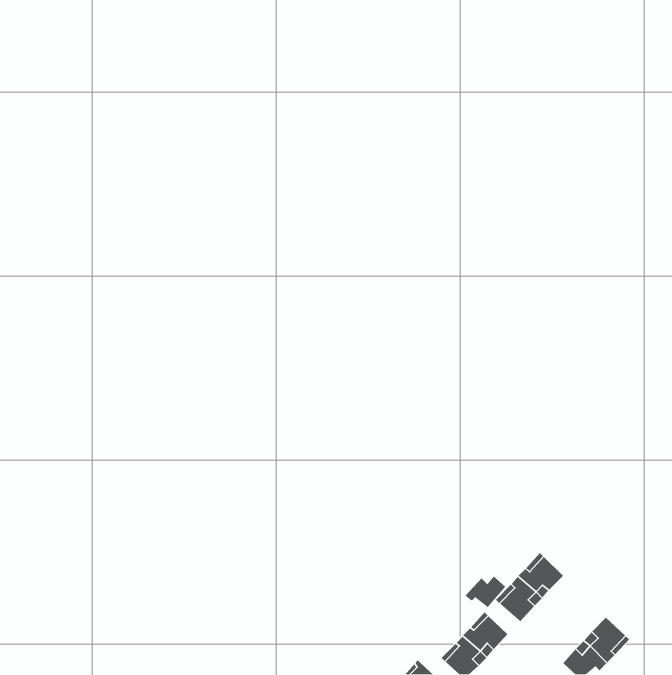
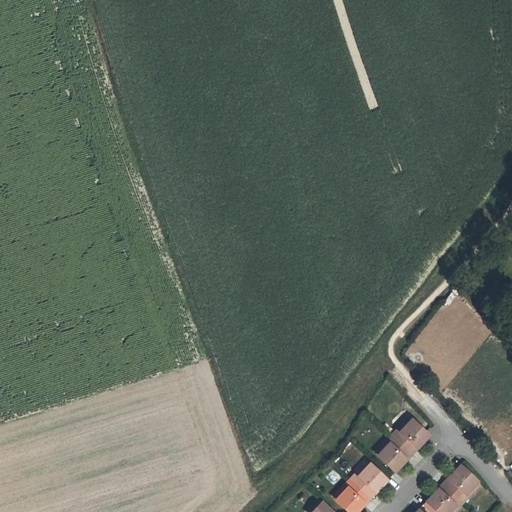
building: [465,576,506,608] -> none

